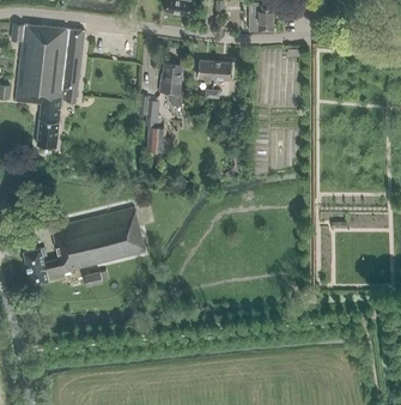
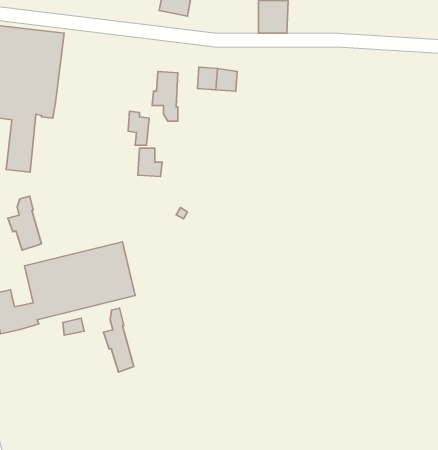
building: none -> [8,196,42,250]
building: none -> [104,308,134,372]

